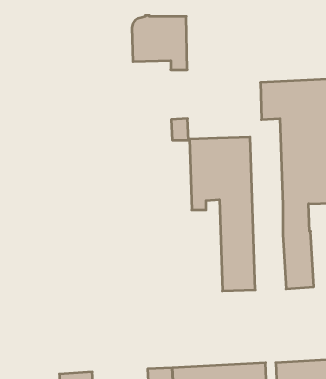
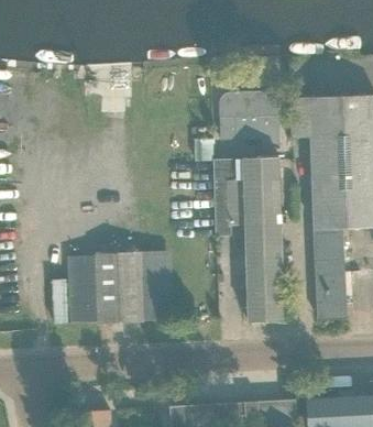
building: [132,15,187,70] -> [219,90,278,149]
building: none -> [52,251,168,324]

